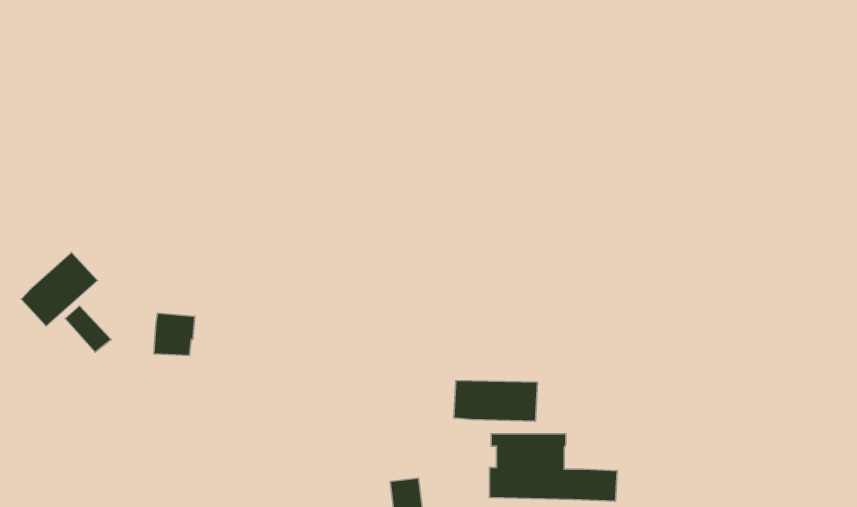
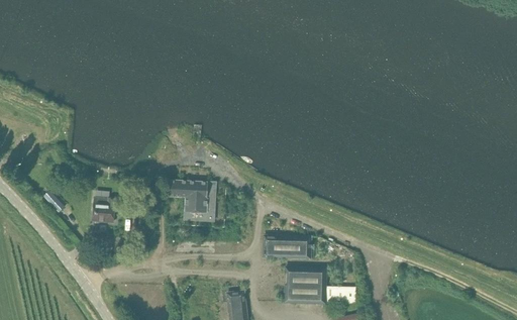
building: [21,252,98,326] -> none
building: none -> [167,180,216,220]

